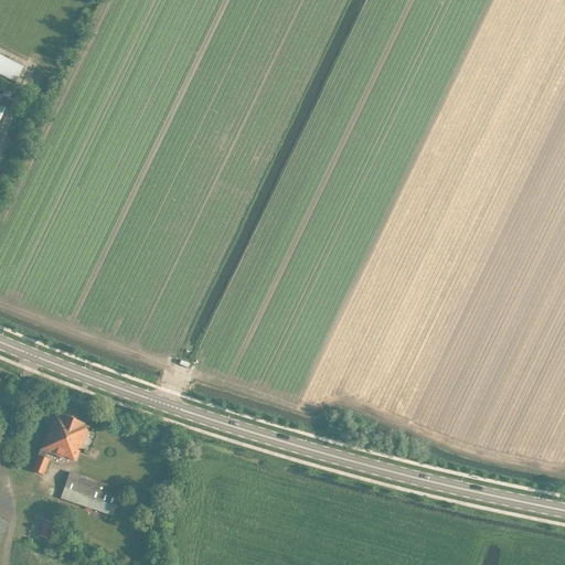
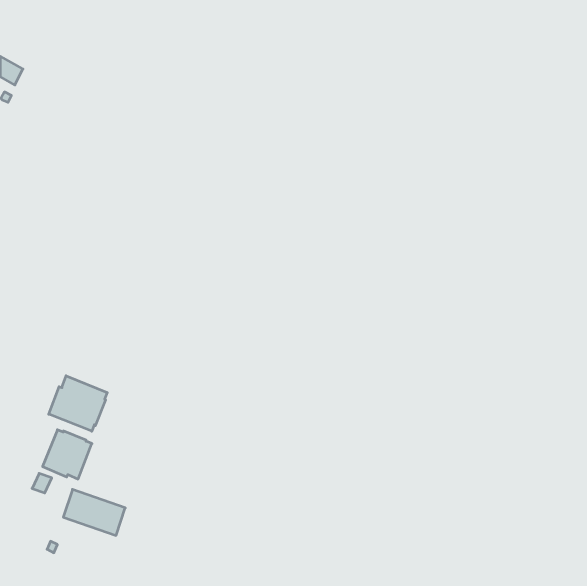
building: none -> [49,376,107,431]

